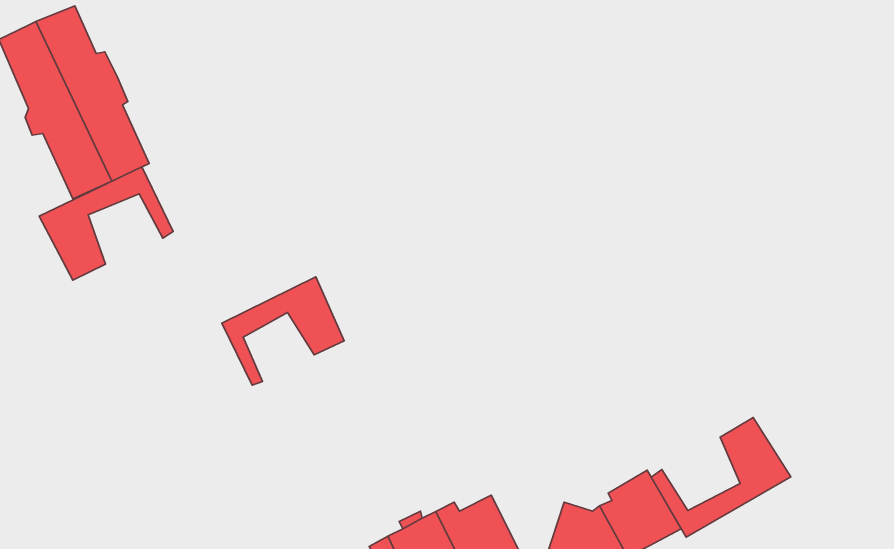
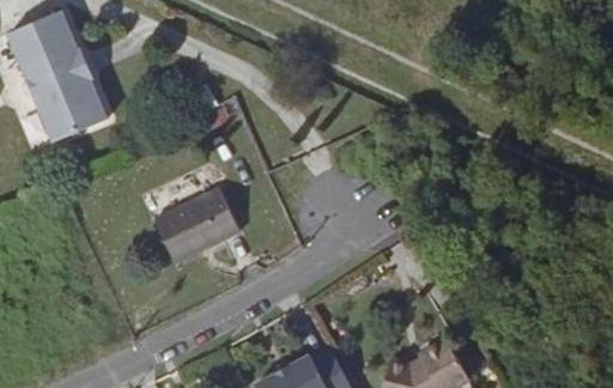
building: [39,167,173,280] -> none
building: none -> [171,218,219,265]
building: [651,418,791,537] -> none

